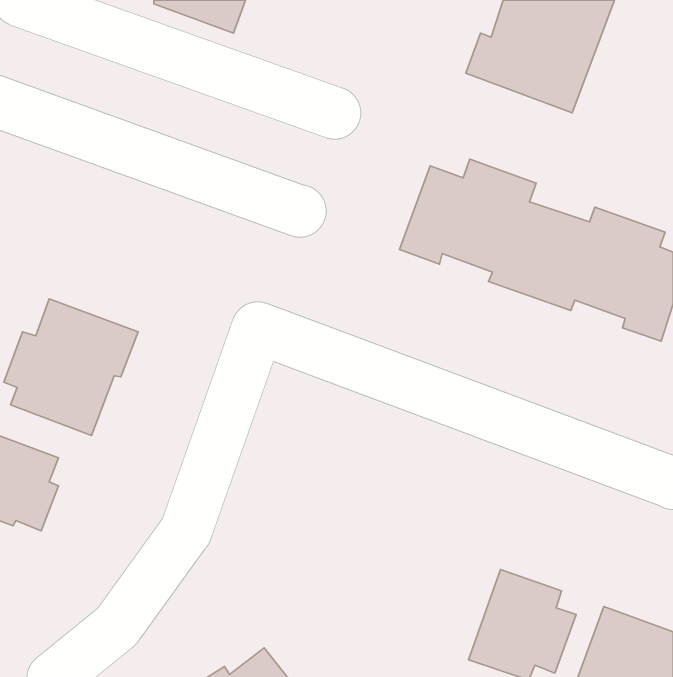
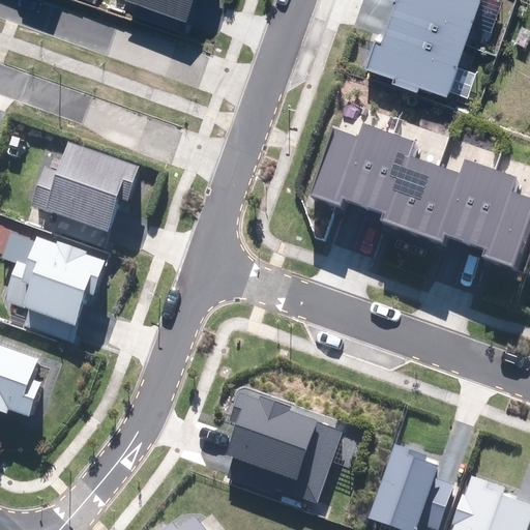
building: none -> [41,143,143,246]
building: none -> [215,393,342,501]

